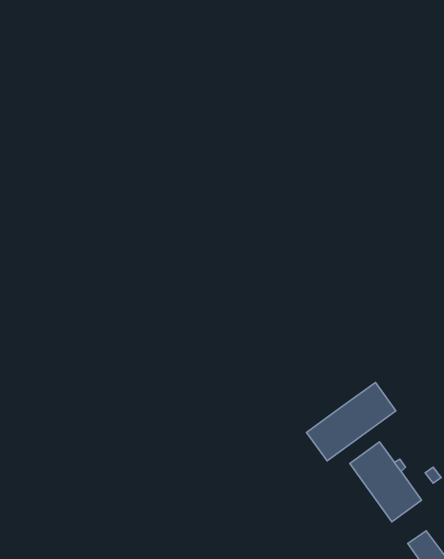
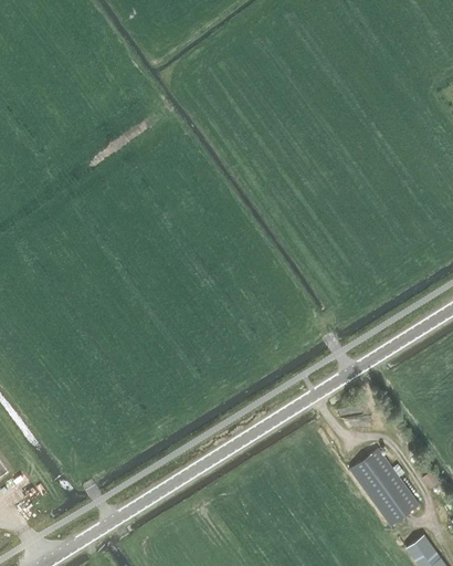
building: [307,383,396,461] -> none

